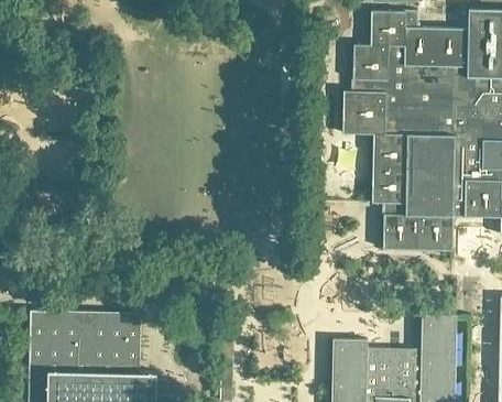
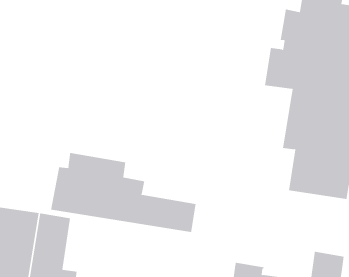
building: none -> [50,152,196,233]

